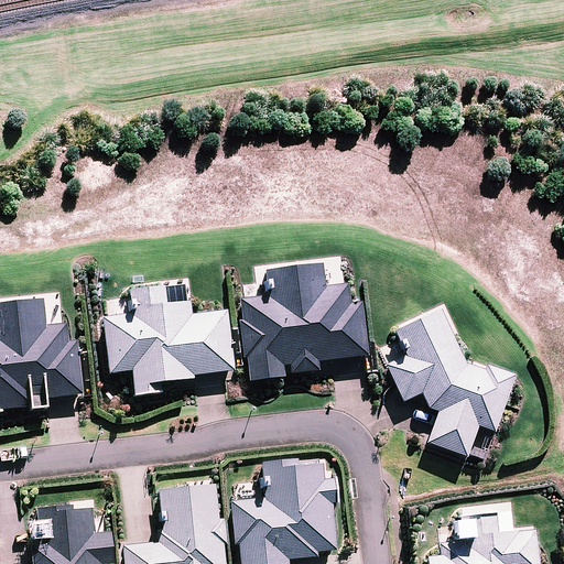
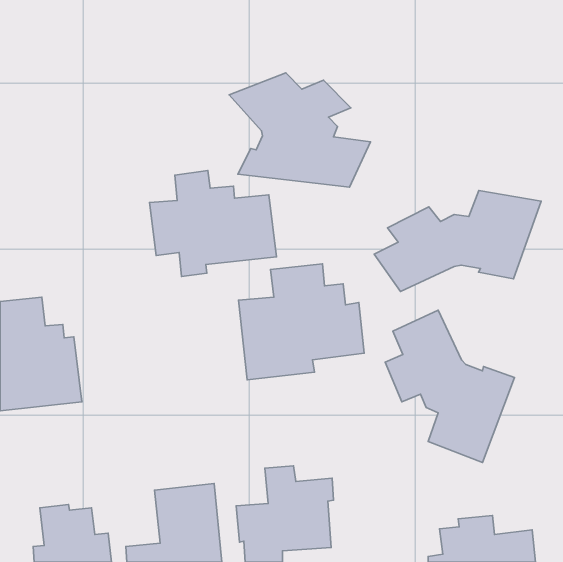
building: none -> [229,73,371,187]
building: none -> [374,191,541,292]
building: [106,285,232,391] -> [149,171,276,277]

